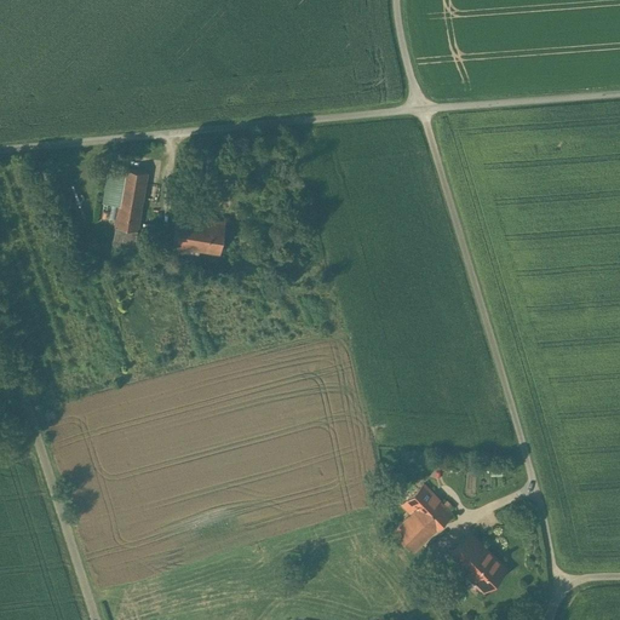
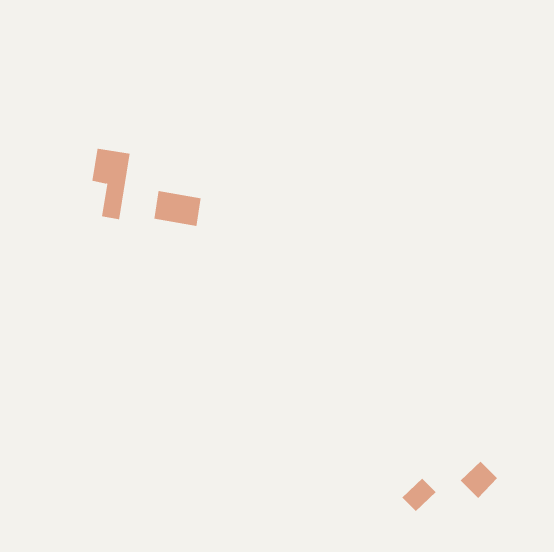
building: [395,489,453,555] -> none
building: [465,552,507,595] -> [460,461,498,499]

